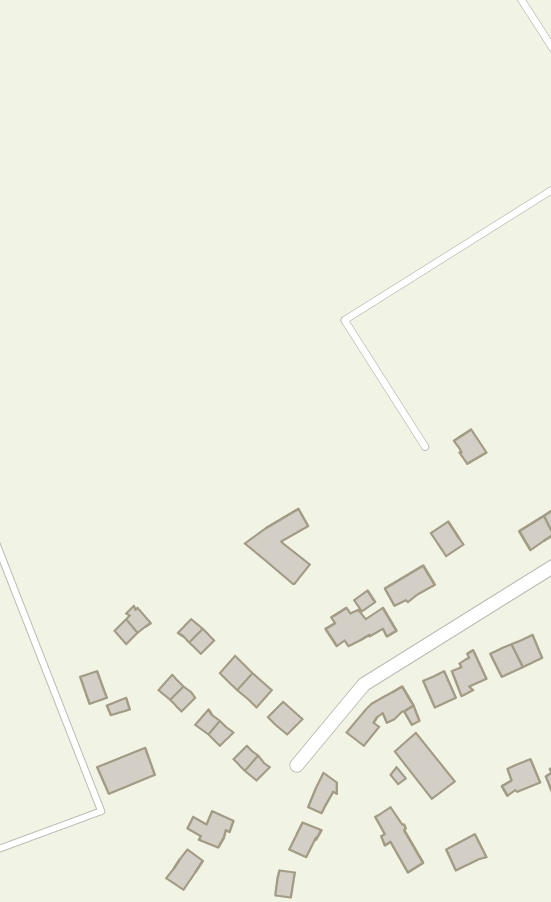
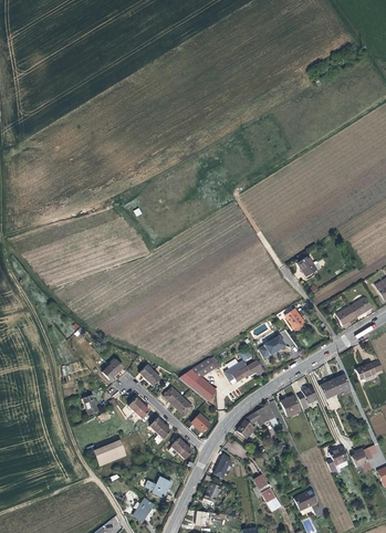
building: [245,509,310,584] -> [179,357,217,400]
building: [395,733,455,799] -> none

